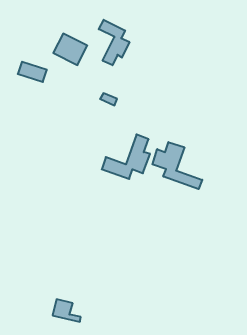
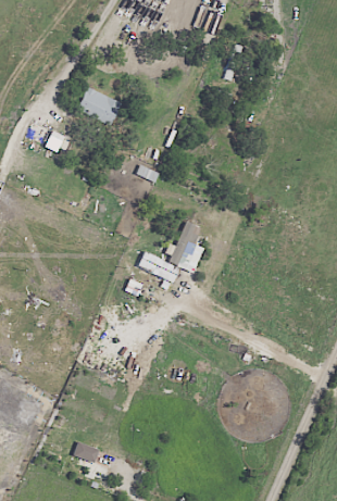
building: [99,20,129,65] -> none
building: [152,142,202,189] -> none

